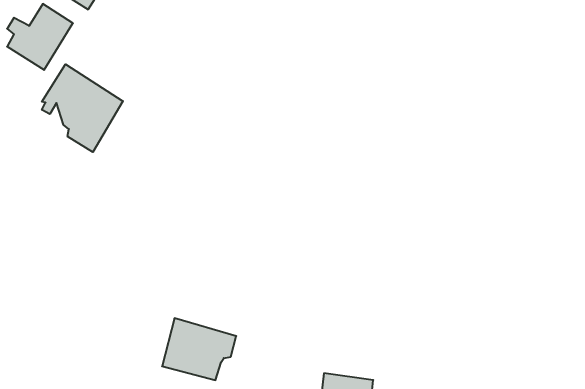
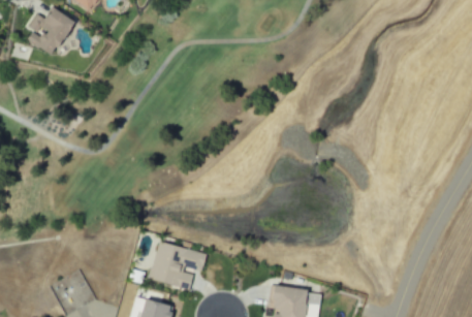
building: [42,64,123,152] -> none

